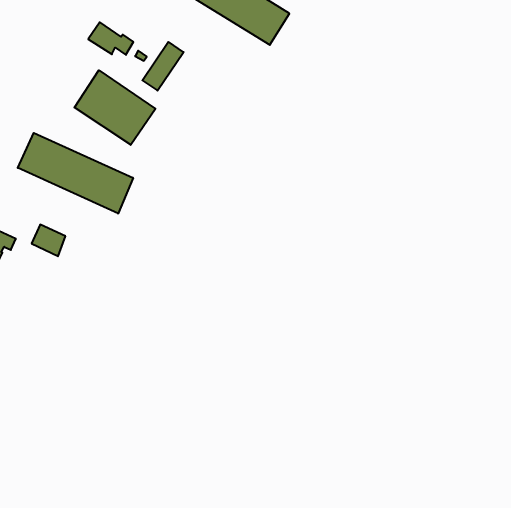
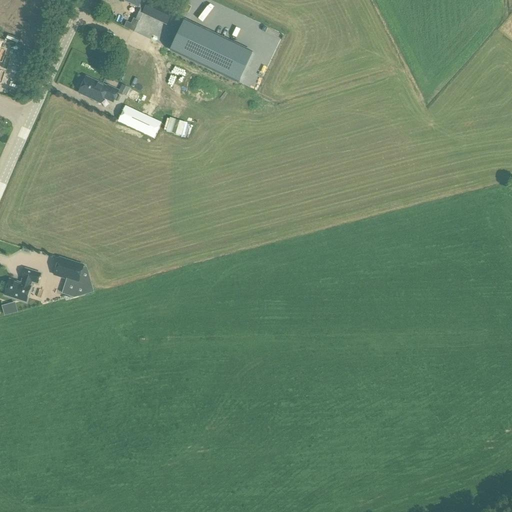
building: [74,70,155,145] -> none
building: [18,133,133,214] -> none

